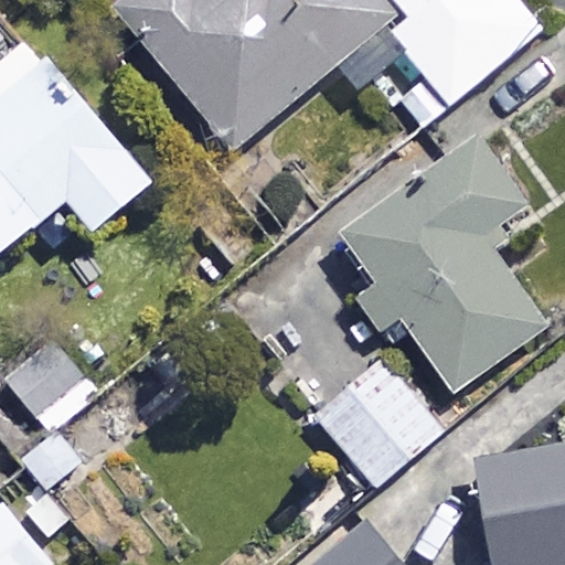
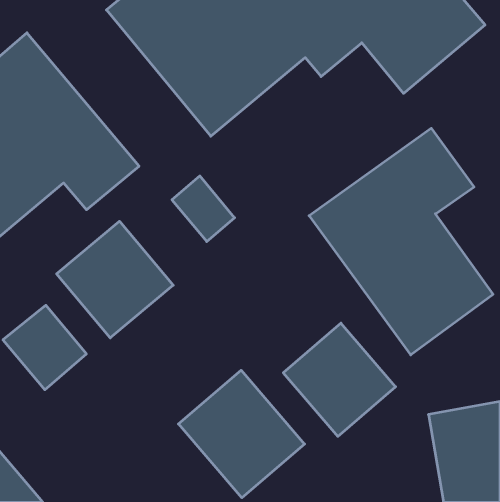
building: none -> [57,221,173,338]
building: none -> [178,370,305,498]

